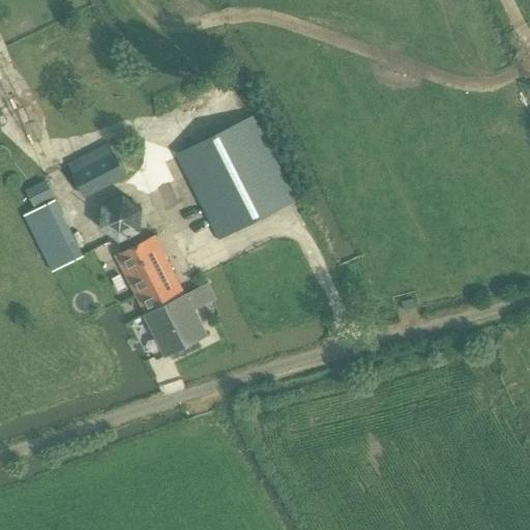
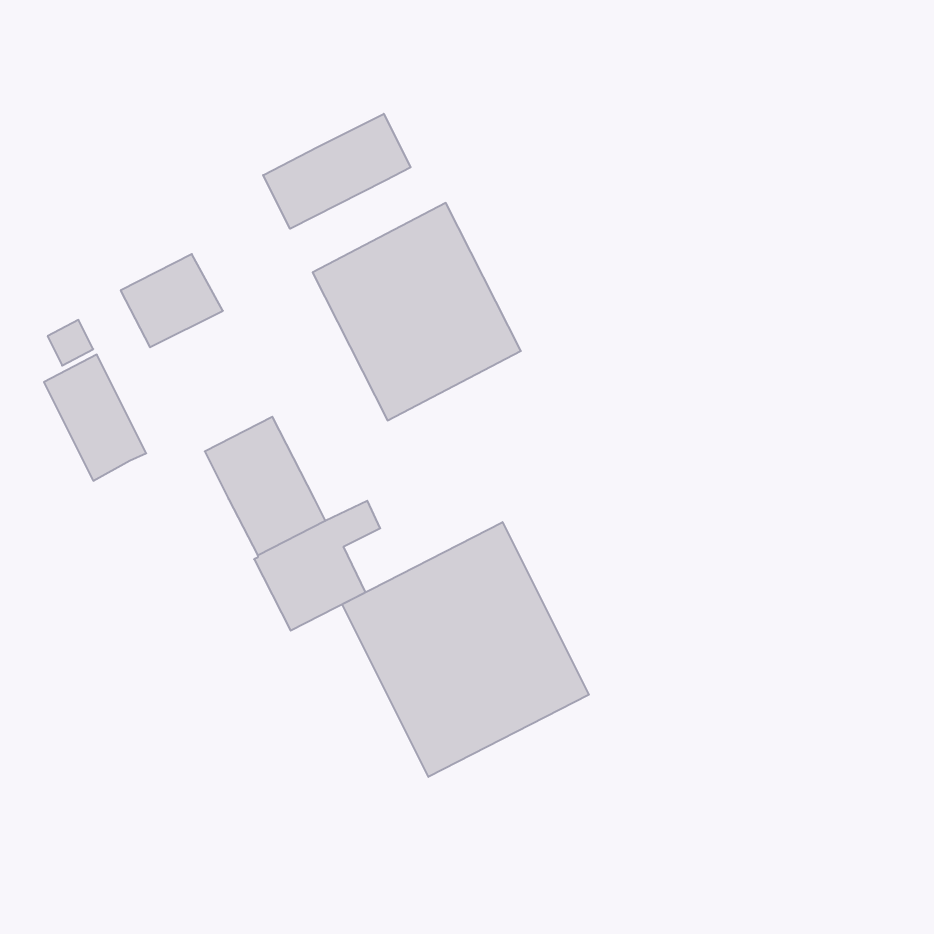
building: none -> [263,114,411,229]
building: [100,195,142,241] -> none
building: none -> [342,522,589,777]

